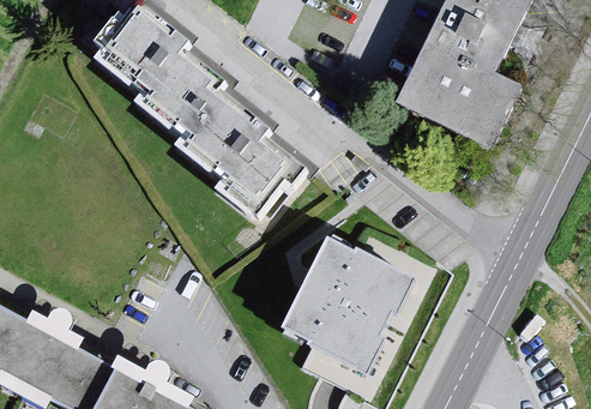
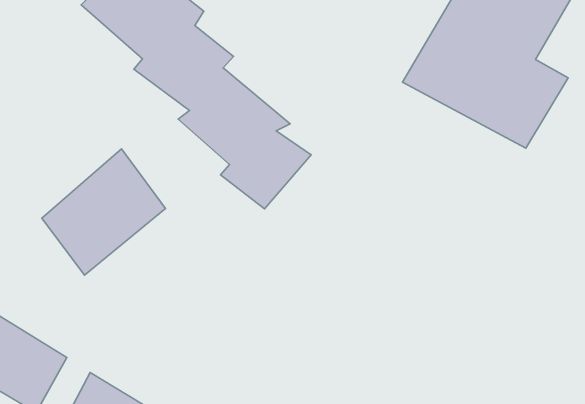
building: none -> [42,149,166,275]
building: [272,234,406,372] -> none

